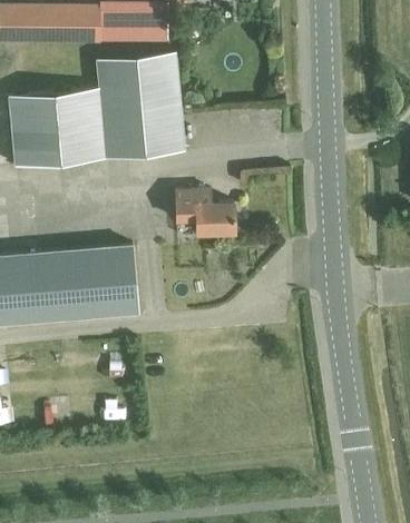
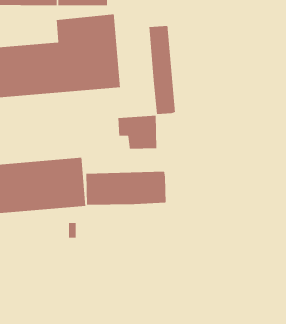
building: none -> [149,25,176,115]
building: none -> [86,171,166,205]

